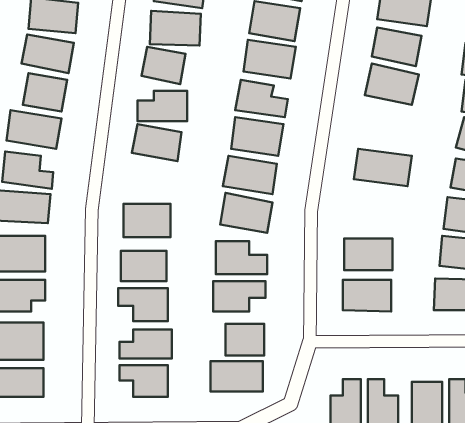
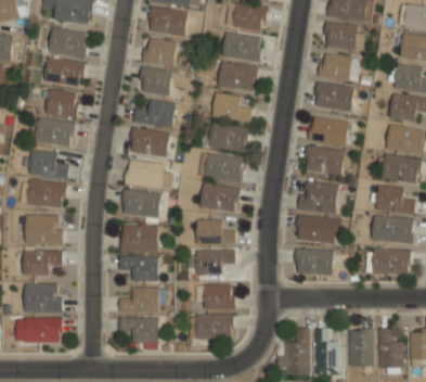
building: none -> [310,115,349,145]
building: none -> [125,158,171,189]
building: none -> [299,181,339,213]

